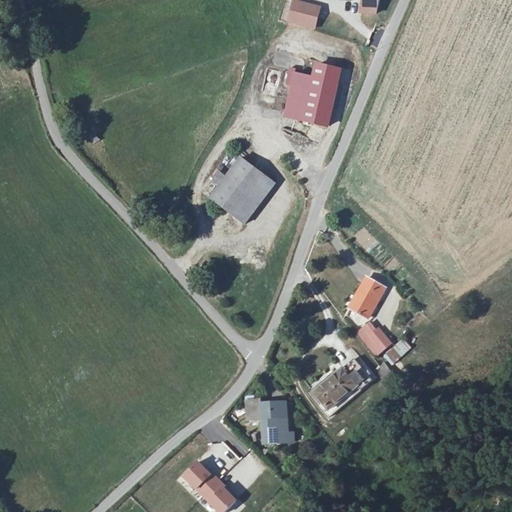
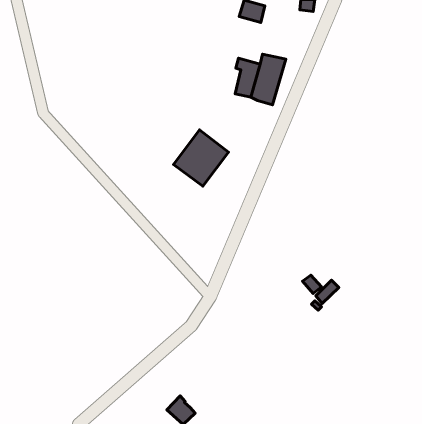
building: [349,275,383,316] -> none
building: [313,360,372,413] -> none
building: [242,395,291,444] -> none
building: [181,459,217,493] -> none

